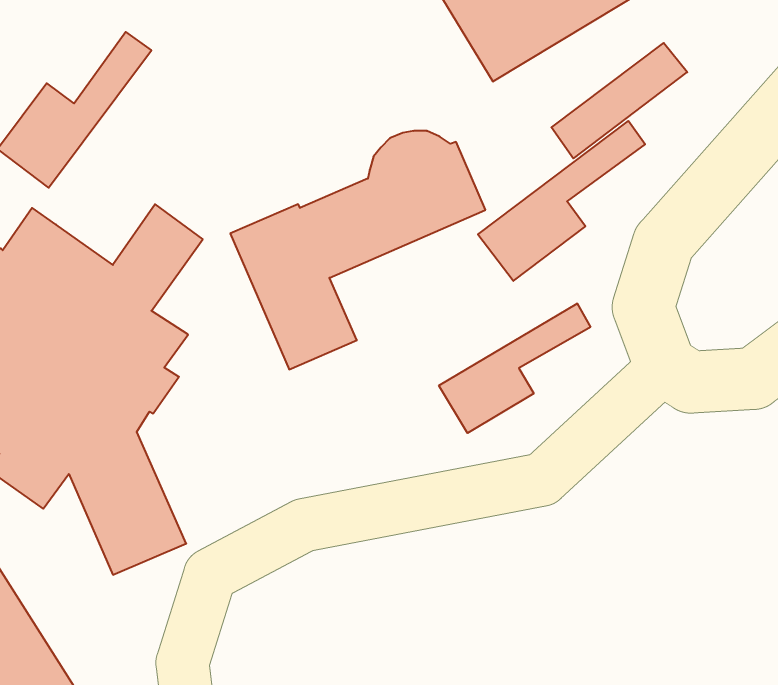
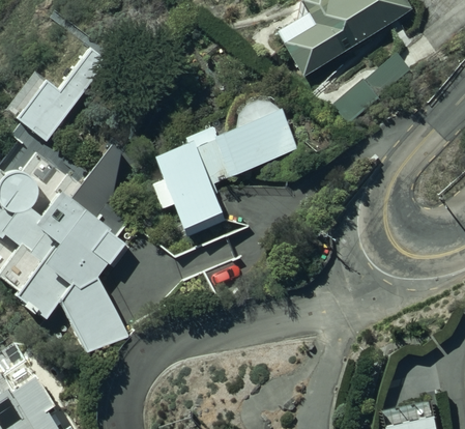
building: [478,121,645,281] -> none
building: [439,303,590,433] -> none

